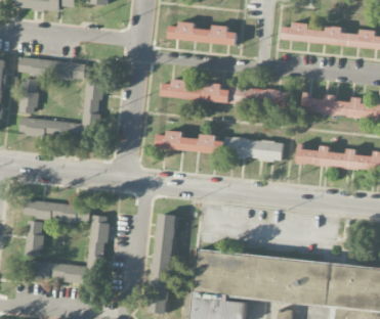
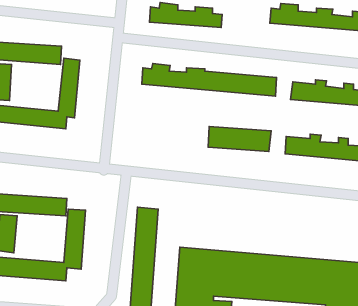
building: [155,131,223,153] -> none

